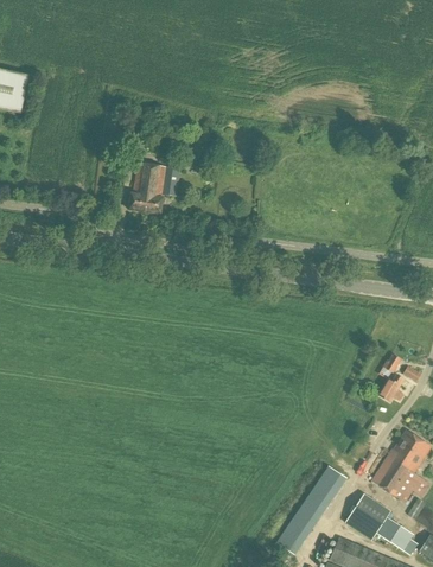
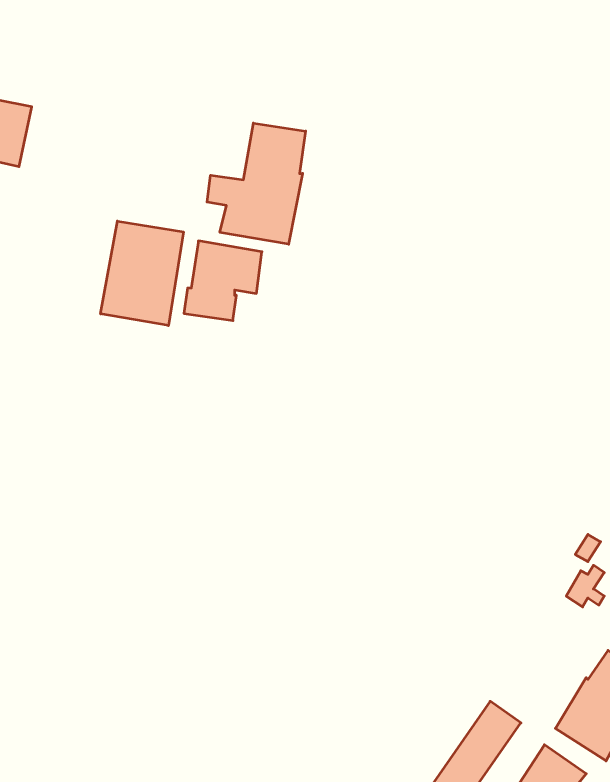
building: none -> [207,123,306,244]
building: none -> [101,221,183,326]

